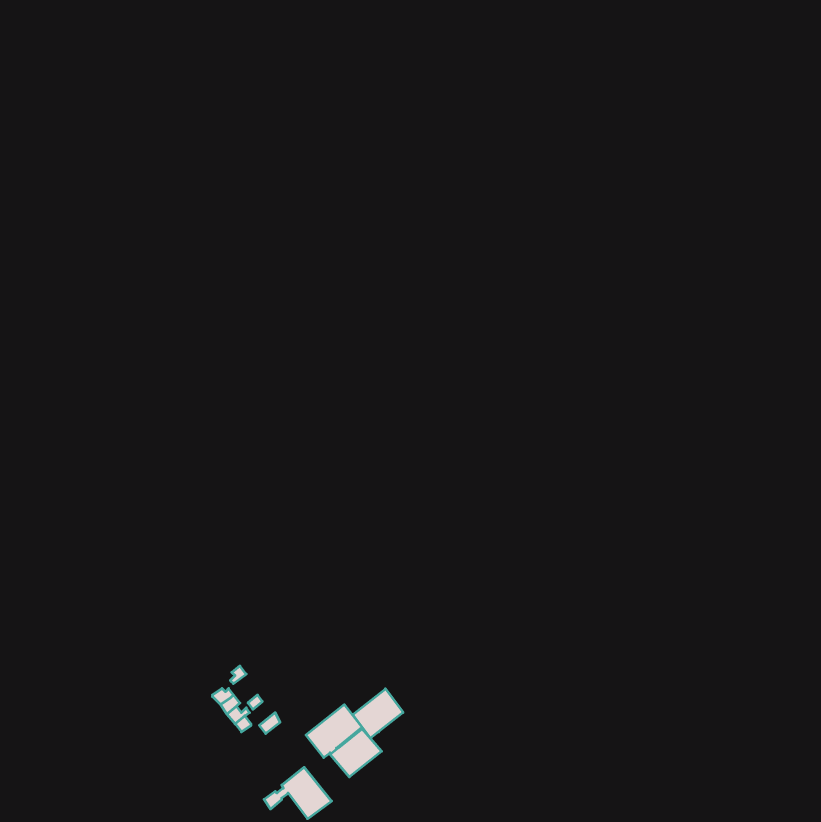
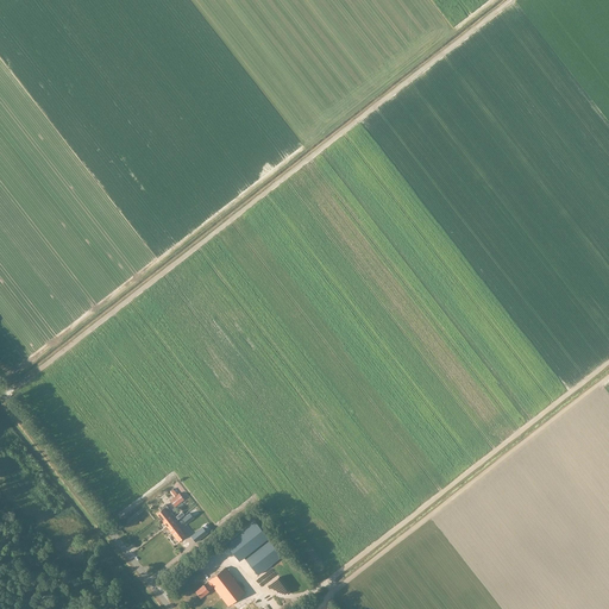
building: [353,689,403,738] -> none

